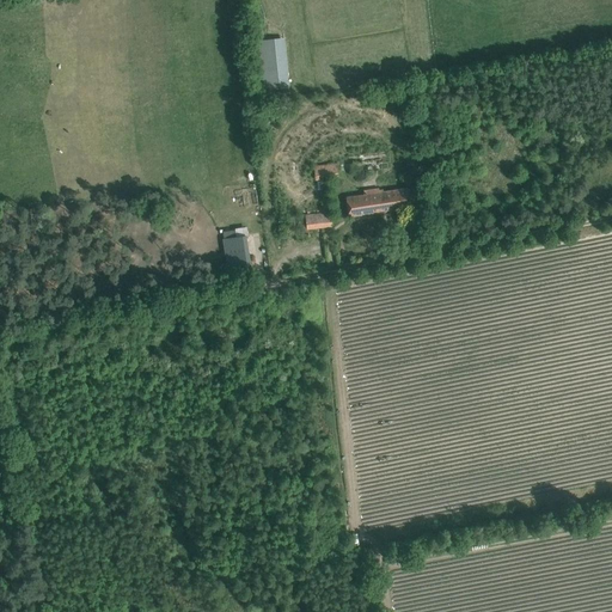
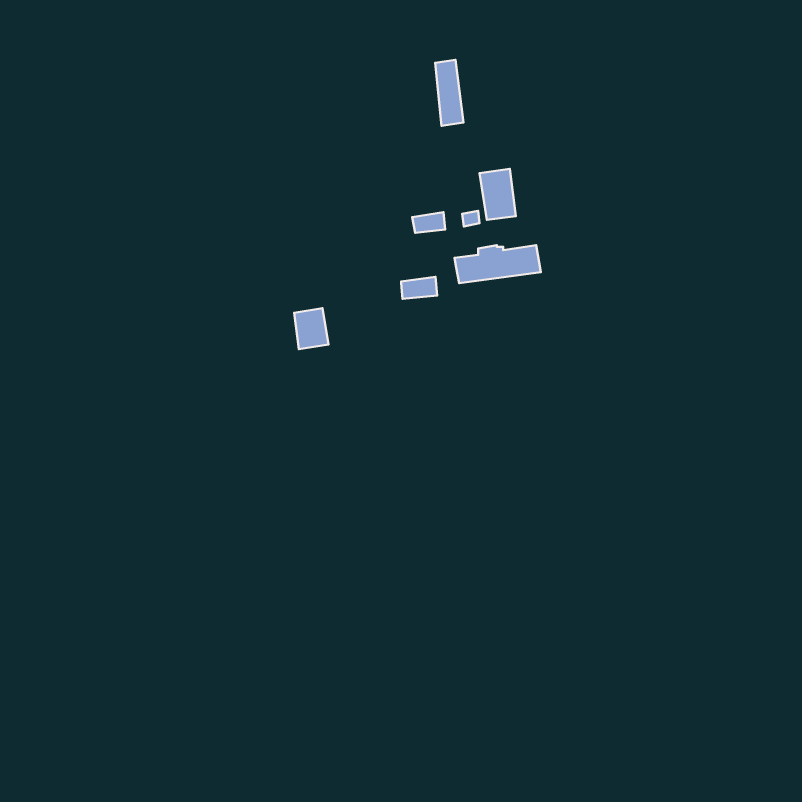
building: [259,37,281,87] -> [435,60,464,126]
building: none -> [479,169,516,220]

